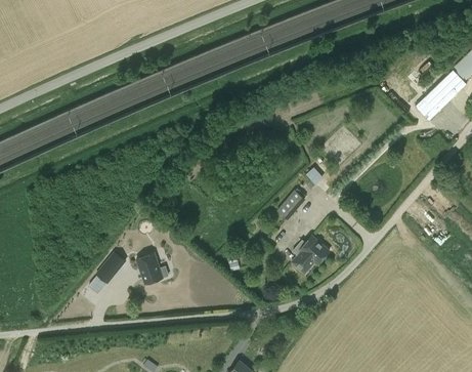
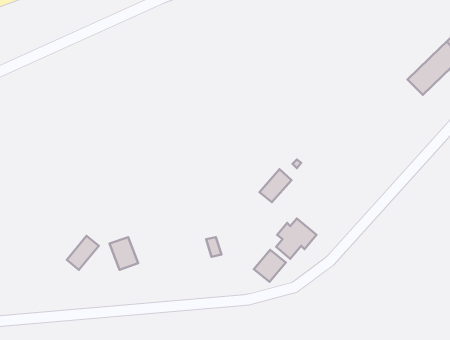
building: none -> [254,250,286,282]

